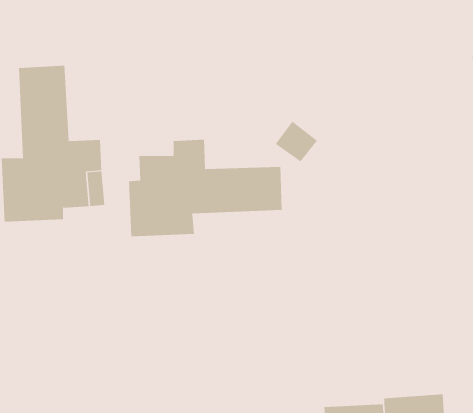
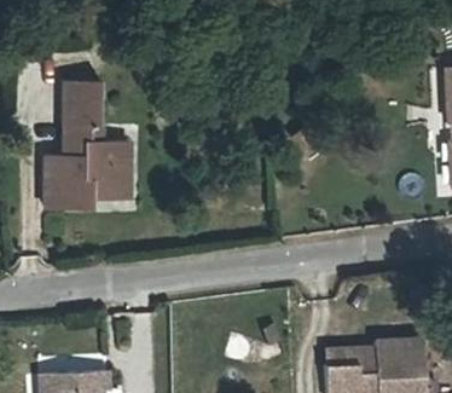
building: [128,139,282,237] -> none

